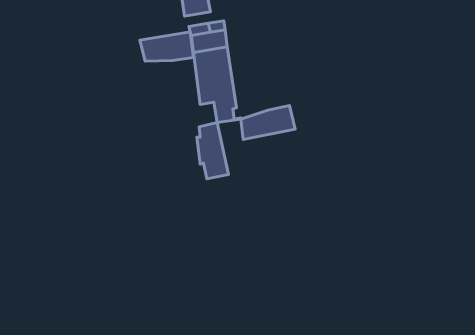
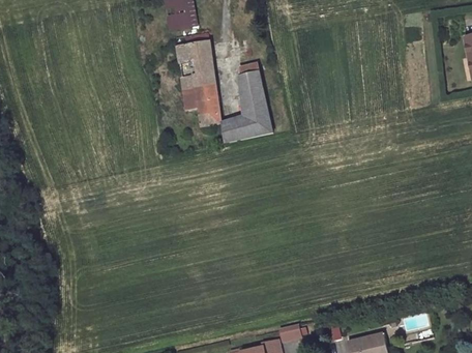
building: [140,32,194,61] -> none
building: [197,122,228,179] -> [238,63,267,115]

